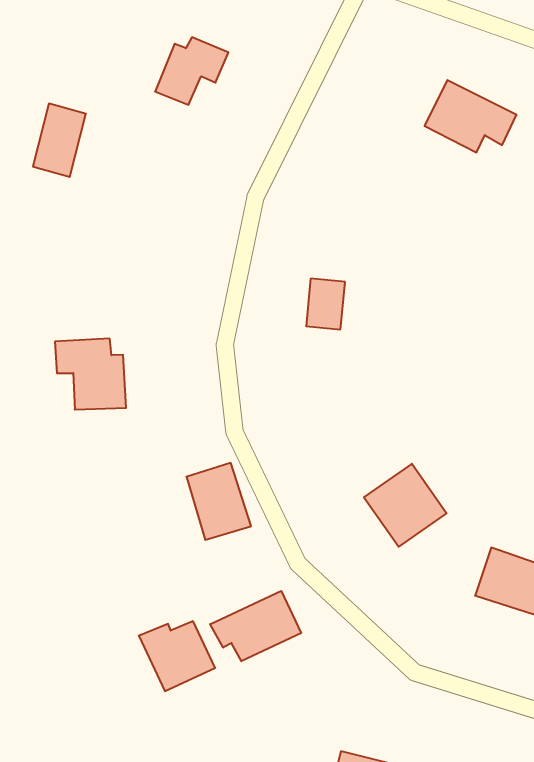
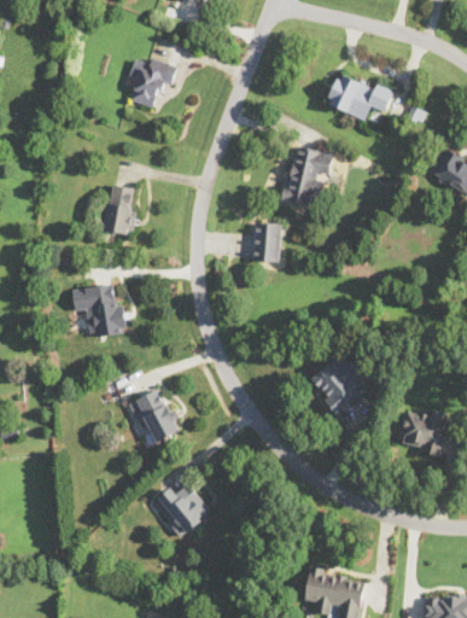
building: [33,104,86,177] -> [104,183,139,235]
building: none -> [282,147,332,209]
building: [186,463,251,540] -> [130,387,181,445]
building: [210,591,301,661] -> none

